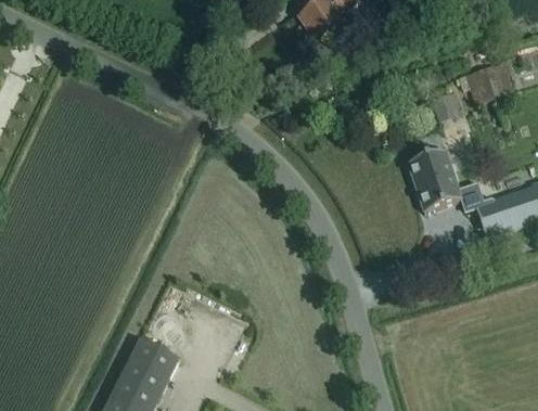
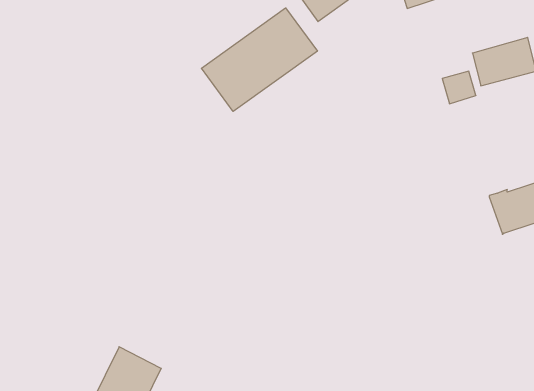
building: none -> [201,8,317,111]
building: [407,149,482,210] -> none

